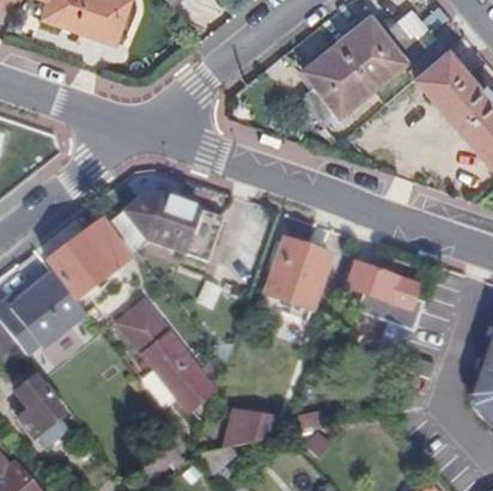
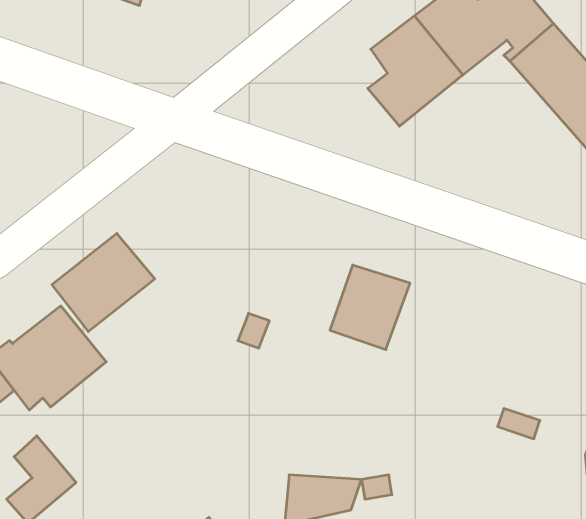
building: [111,193,224,259] -> none
building: [347,265,426,331] -> none
building: [118,301,214,410] -> none

